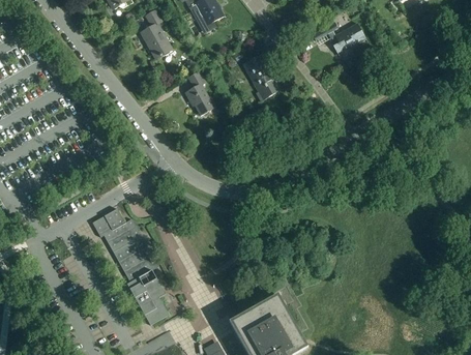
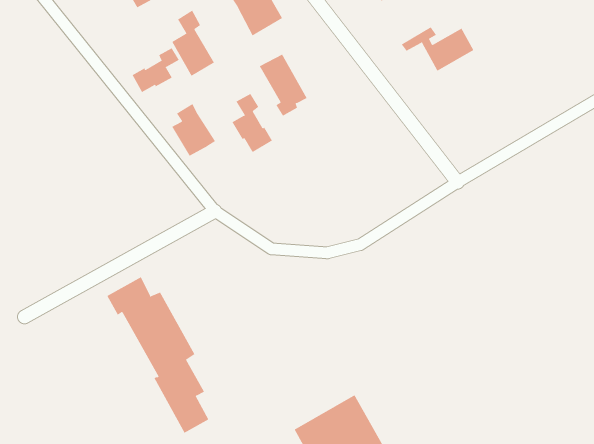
building: none -> [132,48,179,93]
building: [243,55,279,101] -> [259,54,307,116]
building: none -> [172,103,216,157]

